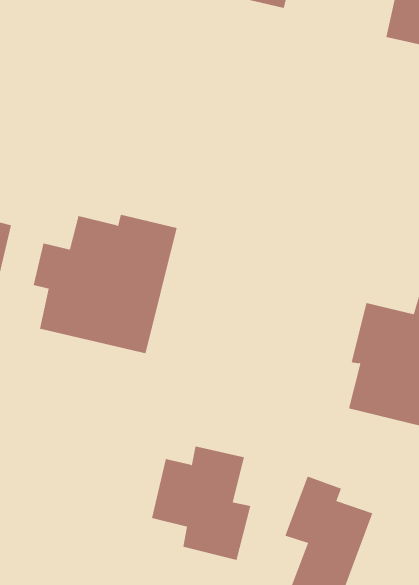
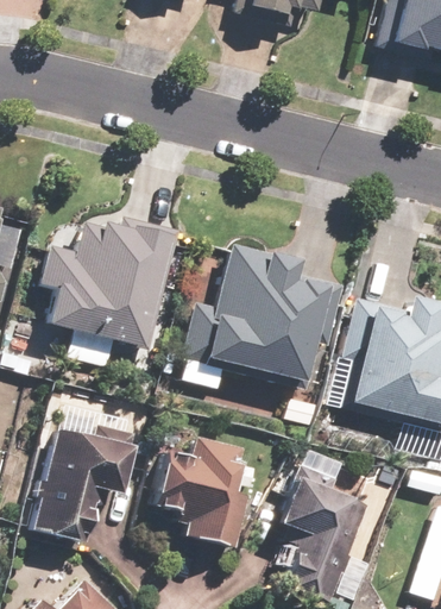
building: none -> [185,245,344,388]
building: none -> [34,425,136,538]

